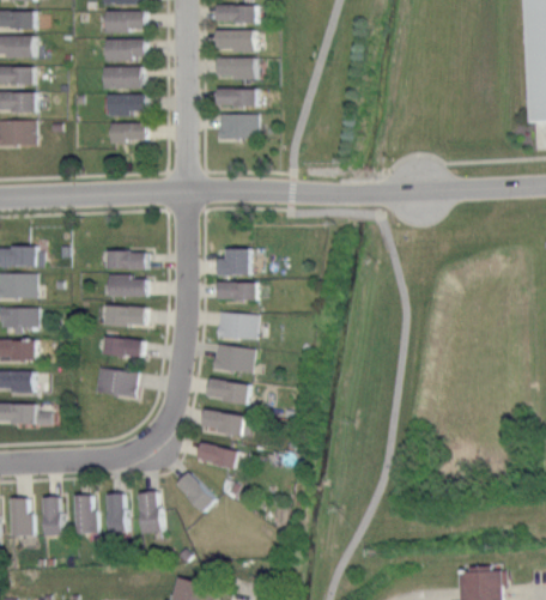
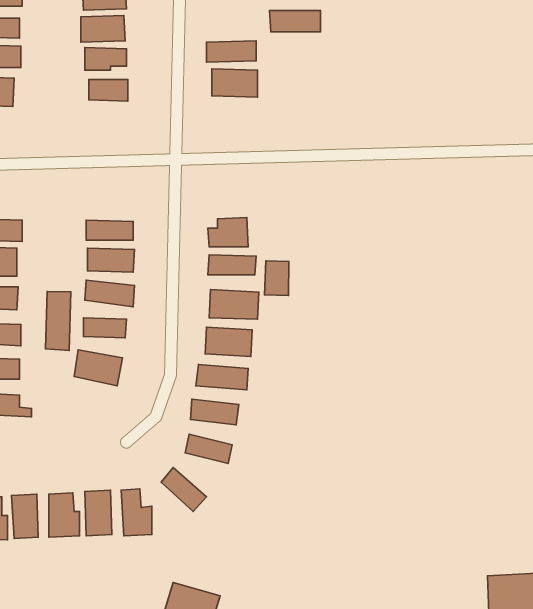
building: [212,59,257,78] -> [270,11,320,32]
building: none -> [265,261,289,296]
building: none -> [45,291,71,351]

